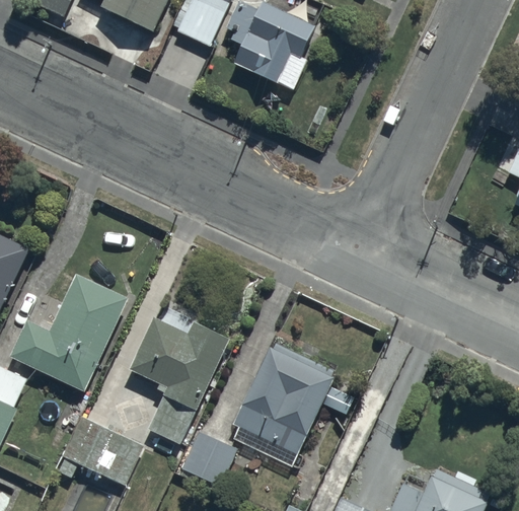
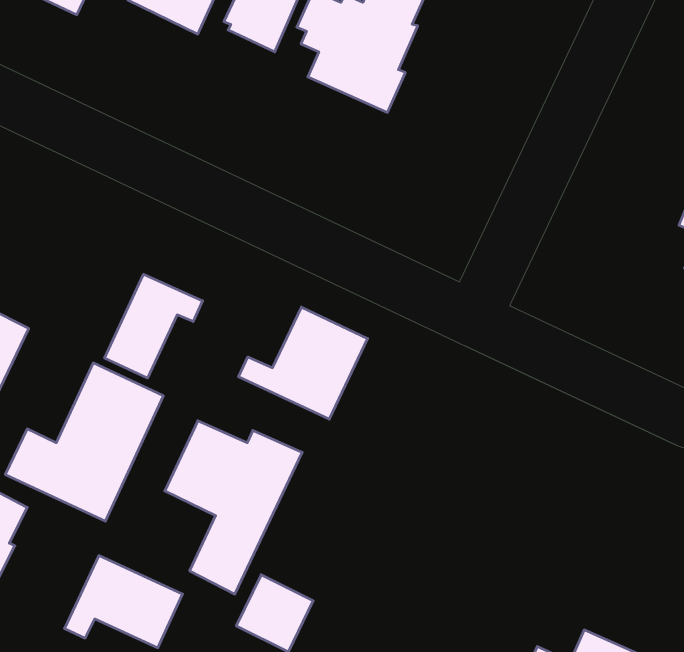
building: none -> [105,274,203,378]
building: none -> [239,307,368,419]
building: [233,344,333,455] -> none

